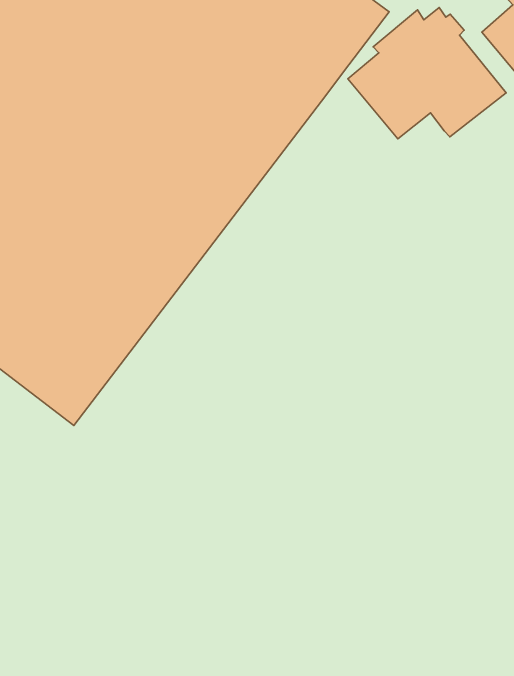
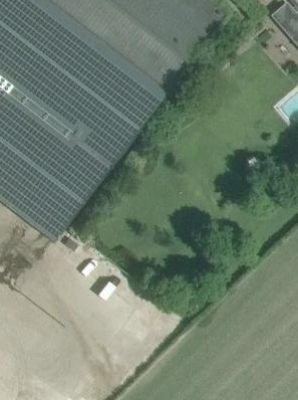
building: [348,8,506,139] -> none

